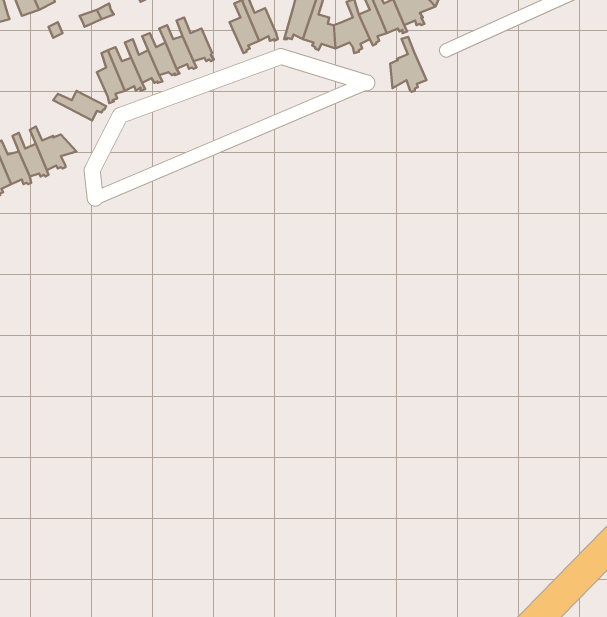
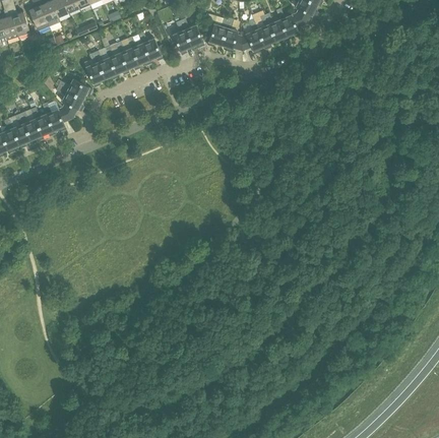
building: [390,37,427,92] -> none
building: none -> [56,85,83,119]

